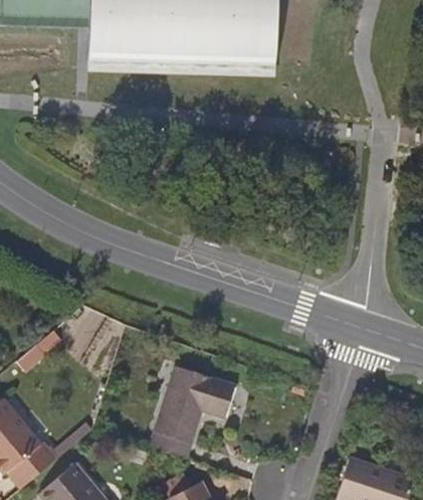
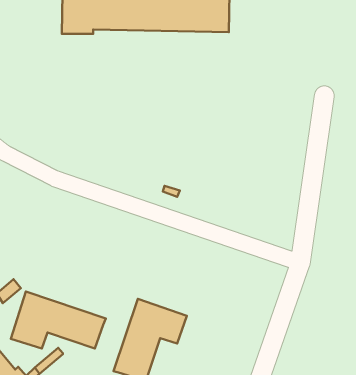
building: none -> [11,292,106,348]

